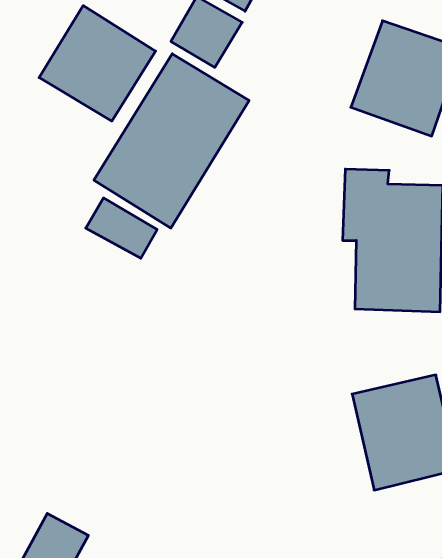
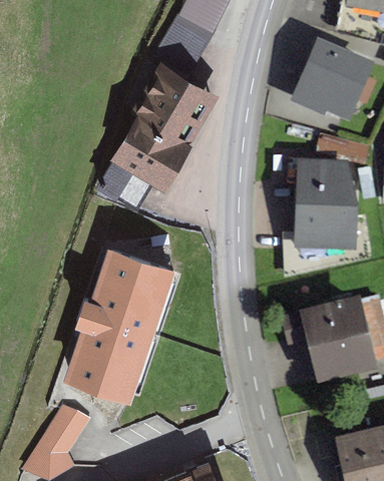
building: [39,6,156,121] -> none
building: none -> [70,237,181,395]

